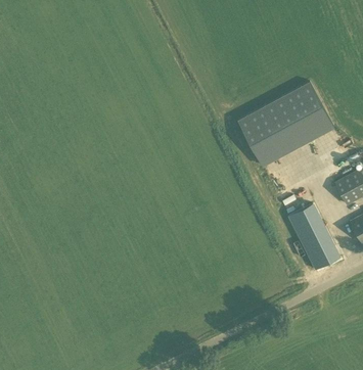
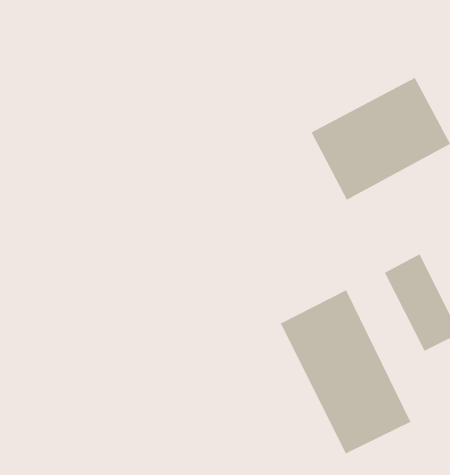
building: none -> [280,289,412,455]

